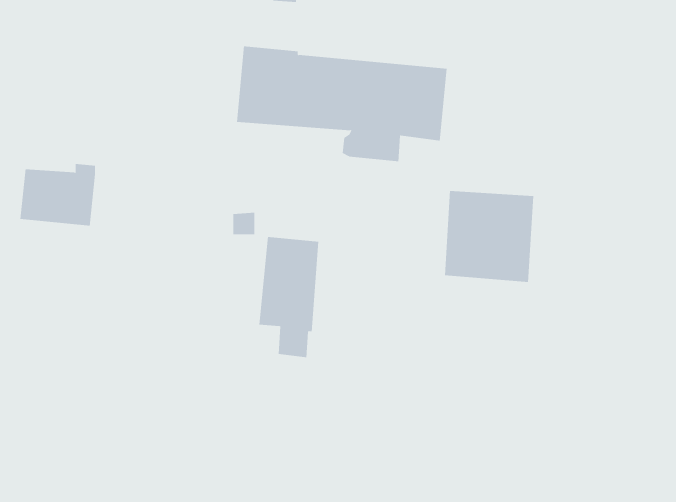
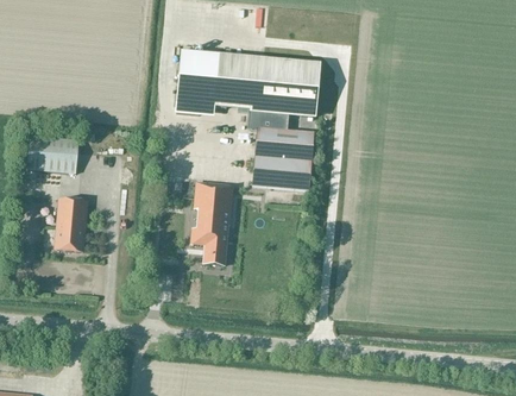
building: [444,191,534,282] -> [251,127,313,190]
building: none -> [54,197,87,250]

